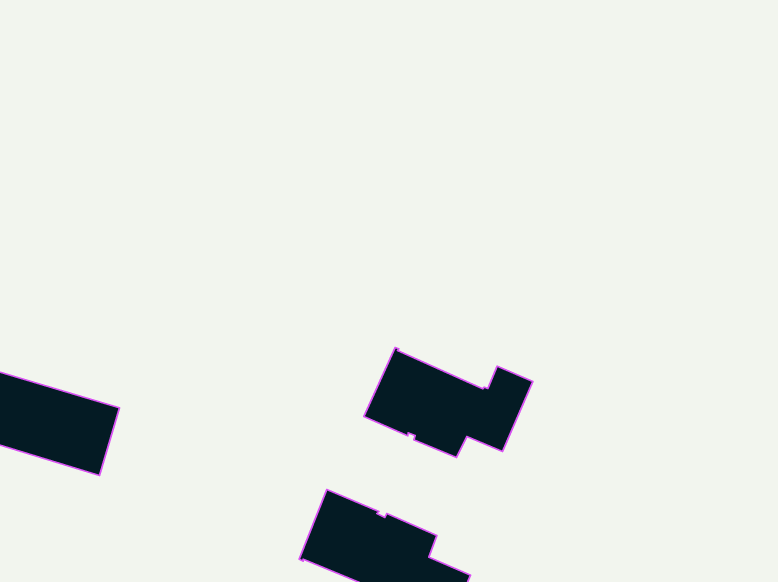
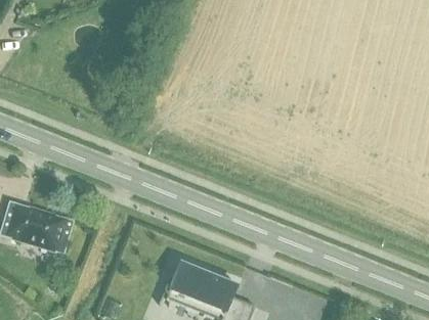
building: [364,348,533,457] -> none

